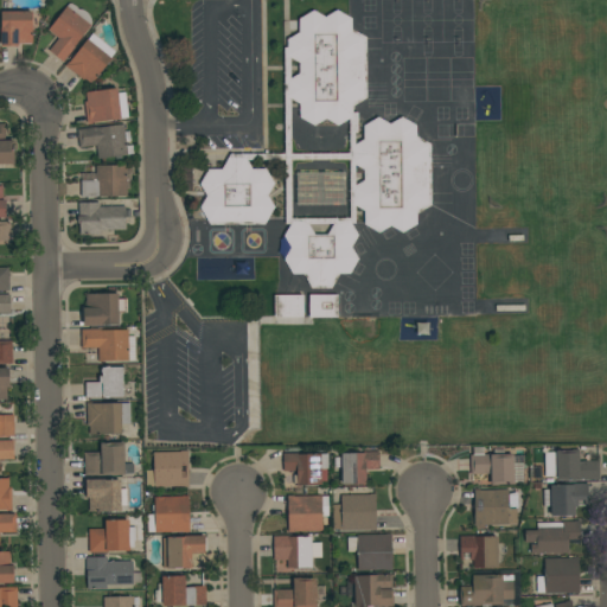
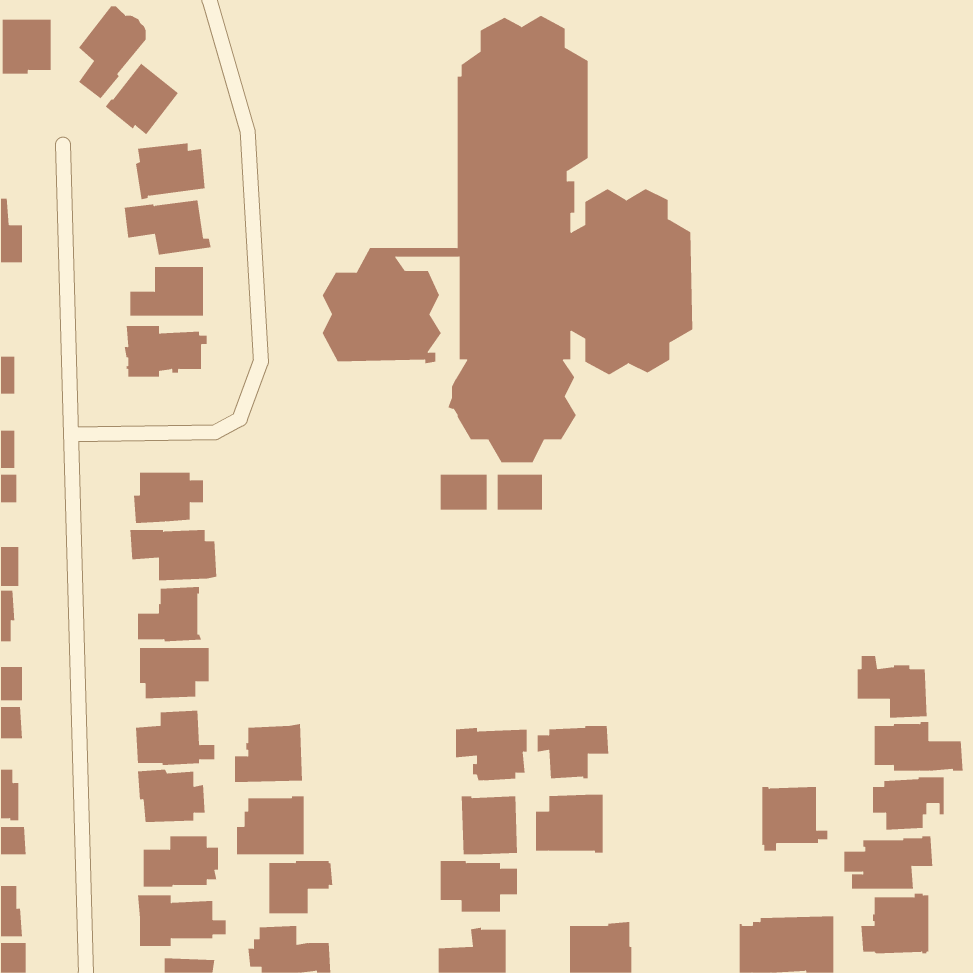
building: [471,447,515,486] -> [857,655,927,718]
building: [357,533,392,571] -> none
building: [460,536,503,568] -> none

